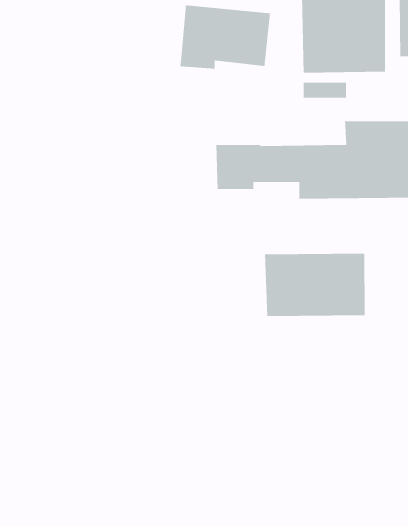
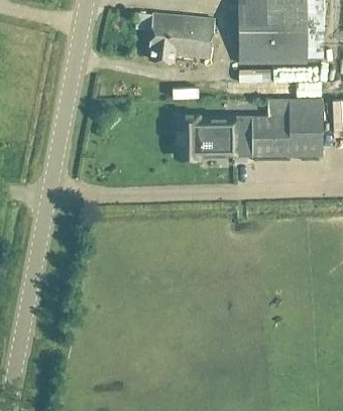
building: [264,253,366,317] -> none

